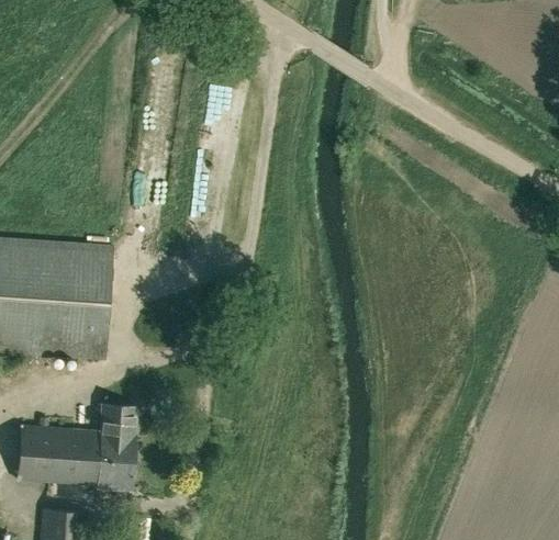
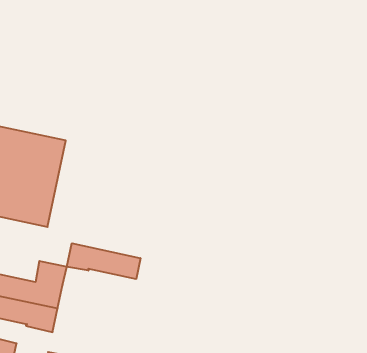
building: none -> [67,243,140,279]

